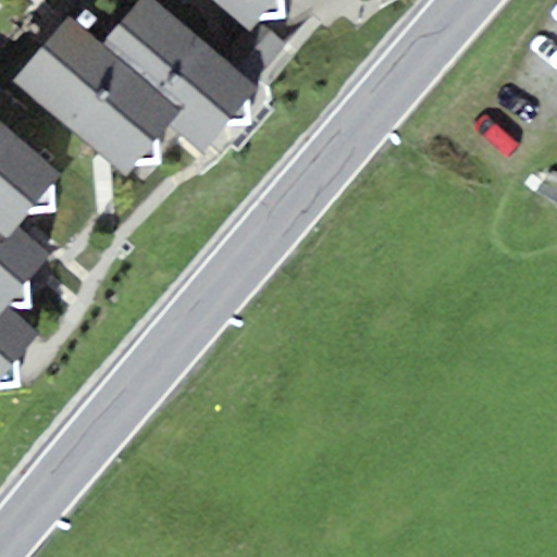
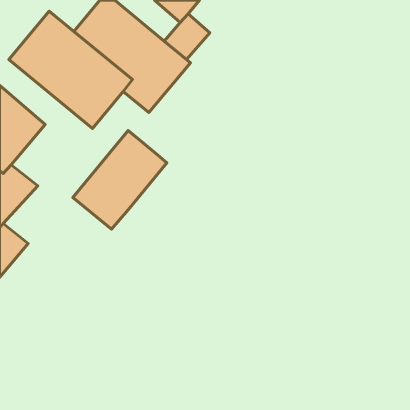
building: none -> [73,130,167,229]

